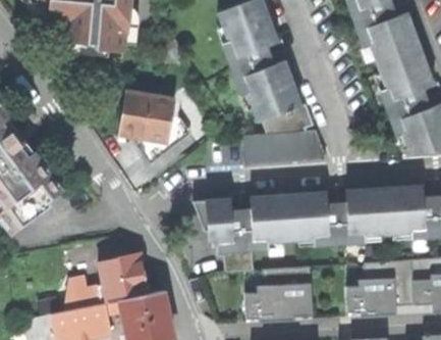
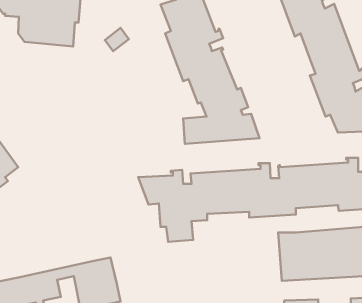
building: [119,92,173,142] -> none
building: [64,253,147,310] -> none
building: [247,280,314,319] -> none

